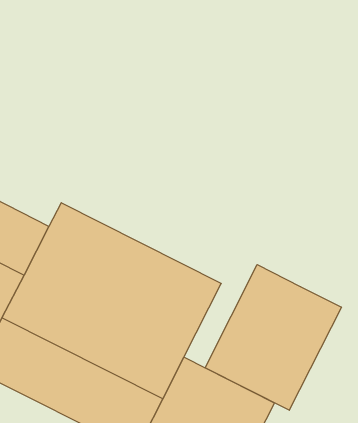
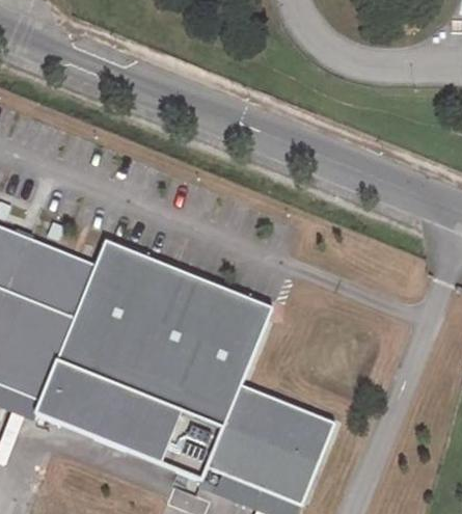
building: [205,265,341,410] -> none

